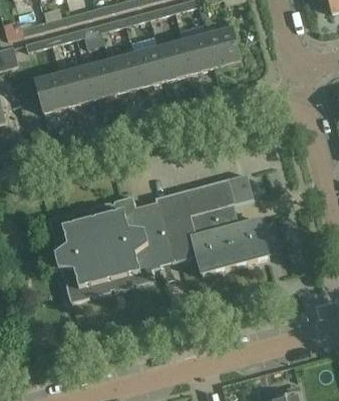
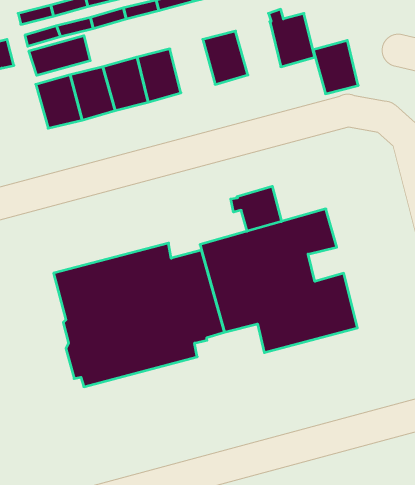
building: [181,33,214,72] -> [313,40,358,94]
building: none -> [29,36,90,75]
building: [132,46,165,85] -> none
building: none -> [231,186,281,231]

